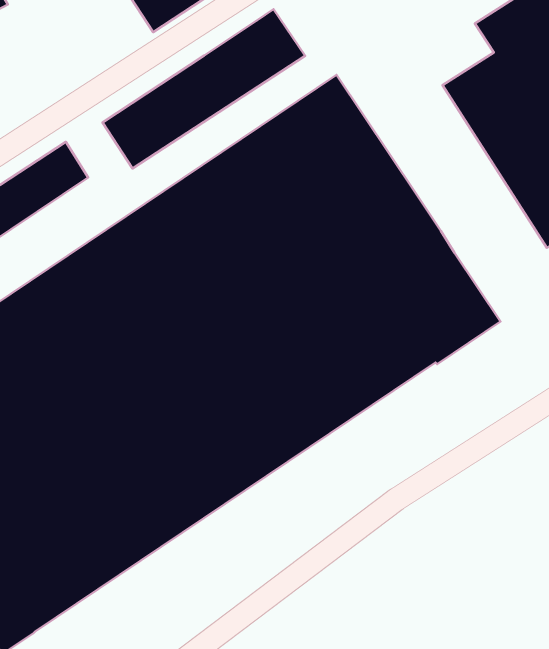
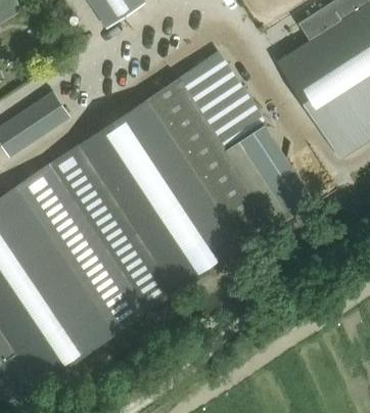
building: [103,9,305,169] -> none

